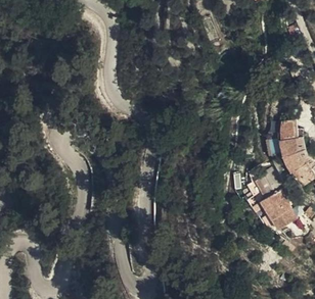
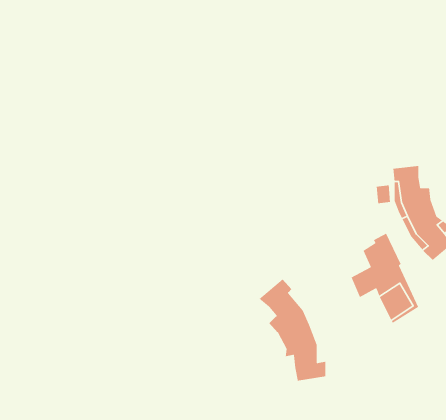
building: none -> [259,279,326,381]

